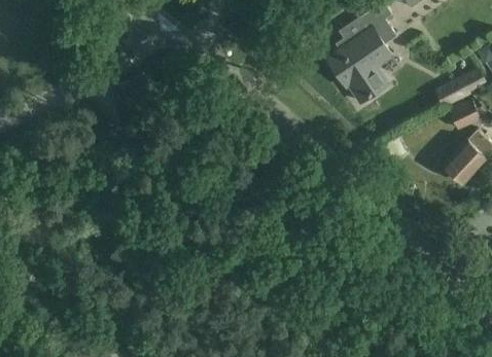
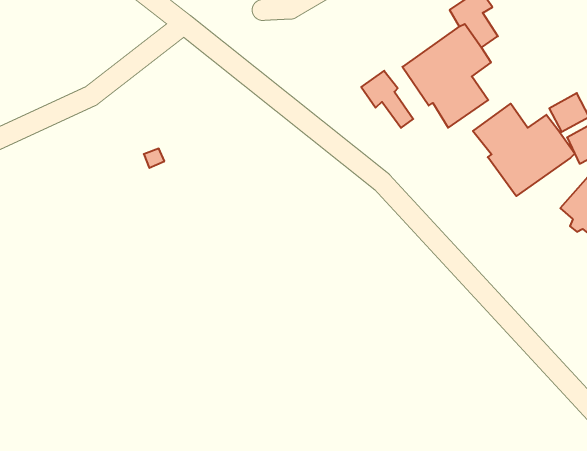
building: none -> [361,71,413,128]
building: none -> [473,104,575,196]

